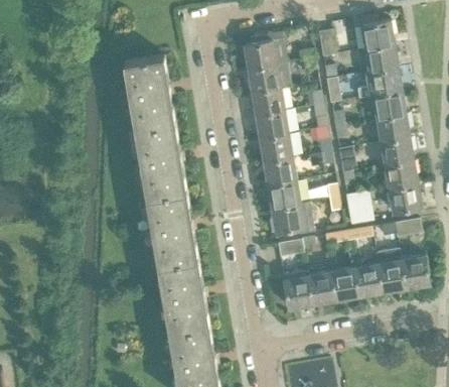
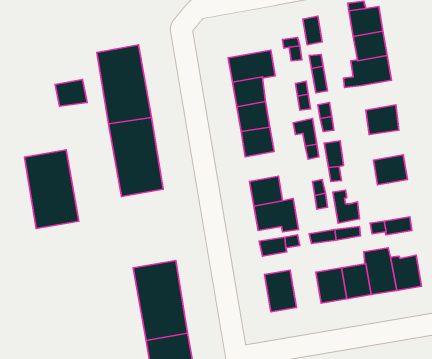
building: [243,32,287,69] -> none
building: none -> [55,80,87,106]
building: [372,90,405,118] -> none
building: [380,137,412,165] -> none
building: [263,157,294,185] -> none
building: [388,183,420,212] -> none
building: [146,192,197,267] -> [24,150,79,229]
building: [306,271,334,304] -> none

